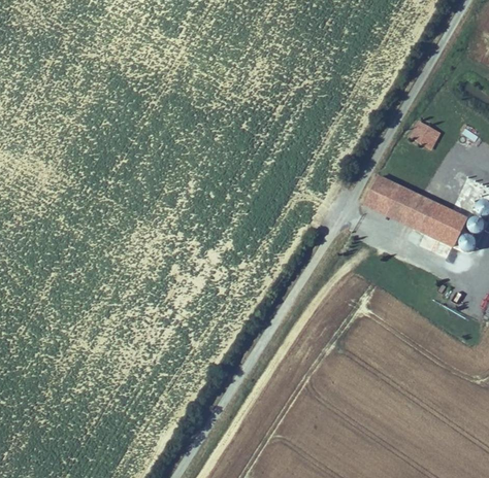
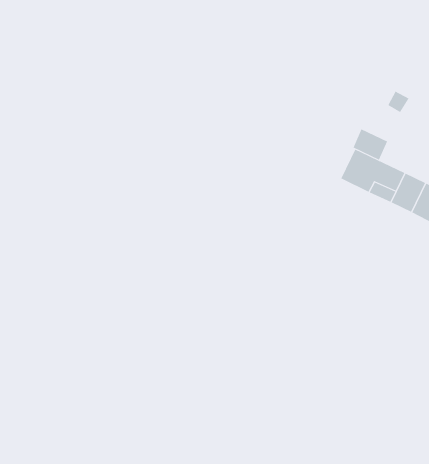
building: none -> [353,128,388,161]

